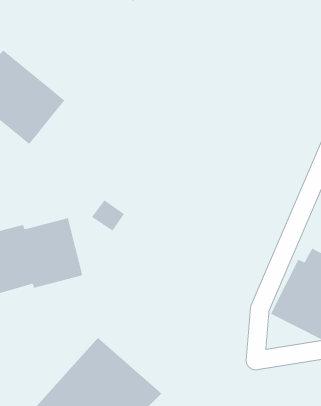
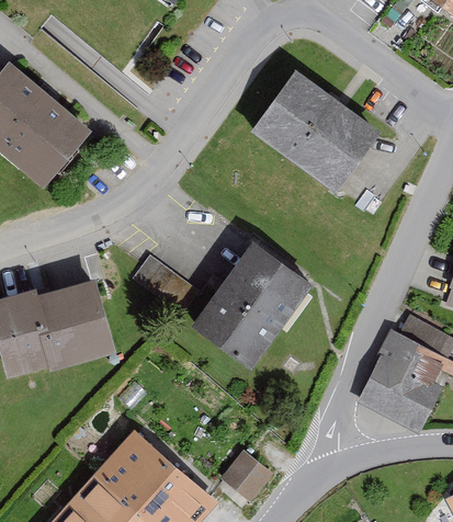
building: none -> [256,76,382,193]
building: none -> [197,246,314,367]
building: none -> [216,451,268,502]

